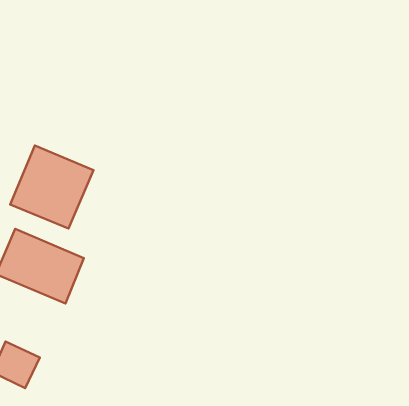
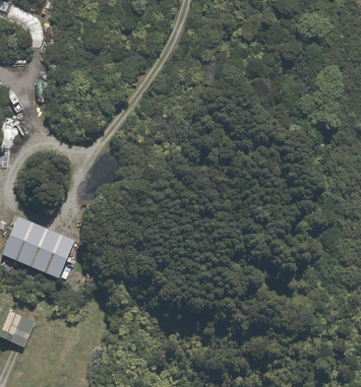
building: [10,146,94,228] -> none

